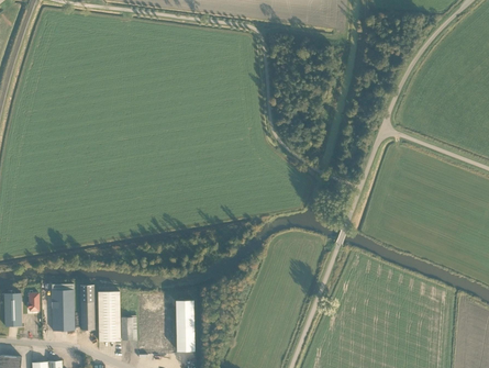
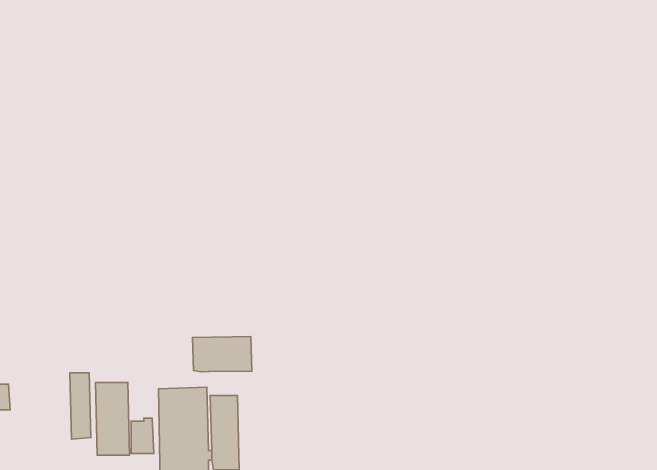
building: none -> [192,336,252,372]
building: [51,285,74,331] -> none

